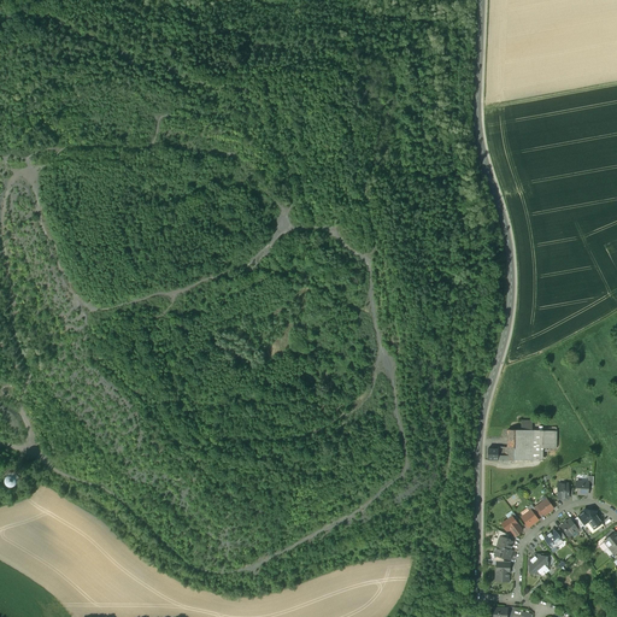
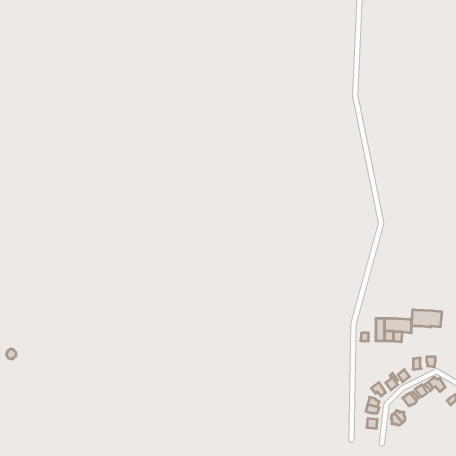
building: none -> [411,310,442,327]

